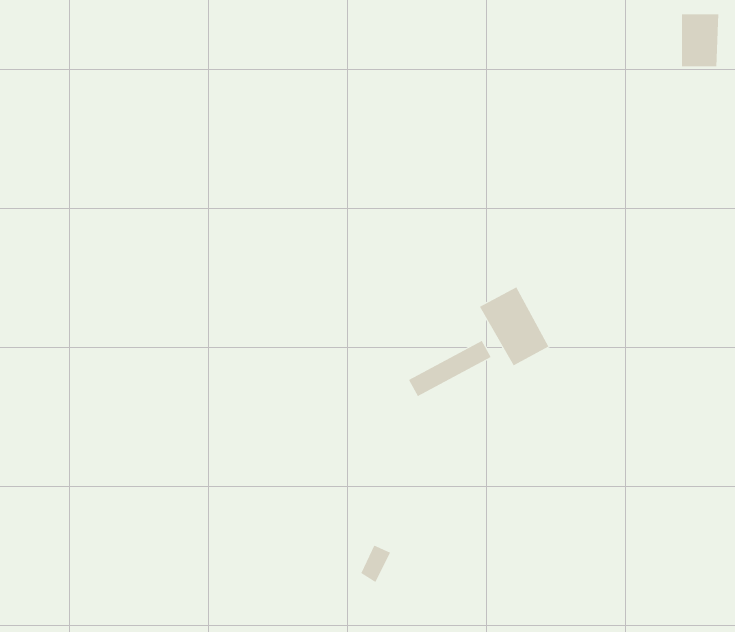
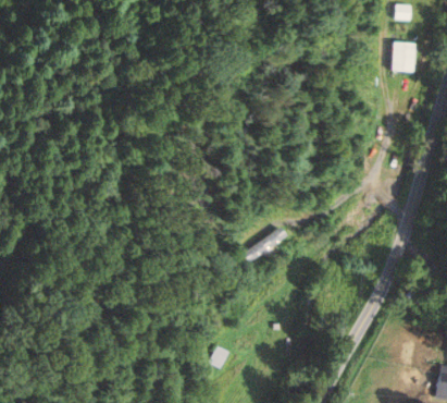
building: [479,286,549,366] -> none

